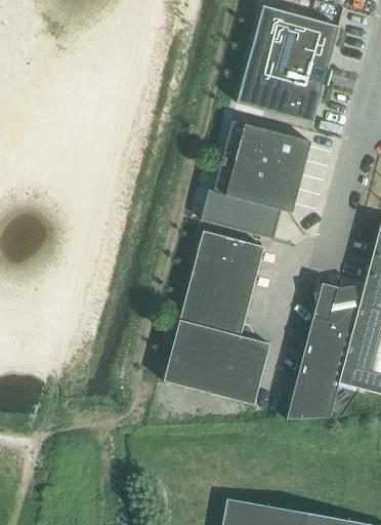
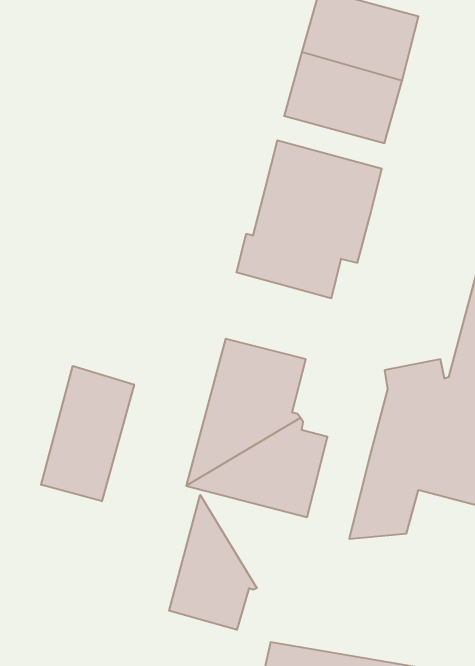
building: [193,231,263,285] -> none
building: none -> [41,366,134,501]
building: none -> [169,495,257,630]

